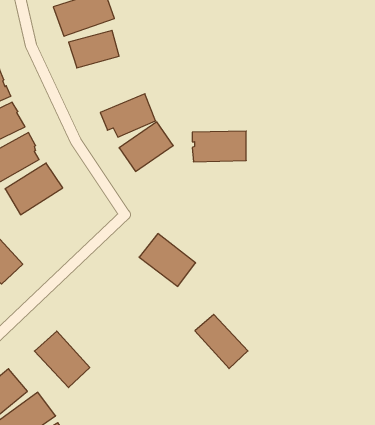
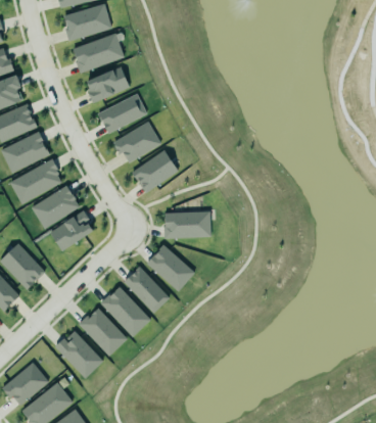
building: none -> [99,94,148,133]
building: [192,131,246,162] -> [163,210,210,237]
building: none -> [50,212,96,251]
building: none -> [101,286,149,333]
building: none -> [80,308,129,357]
building: [195,314,248,369] -> [125,267,171,314]

